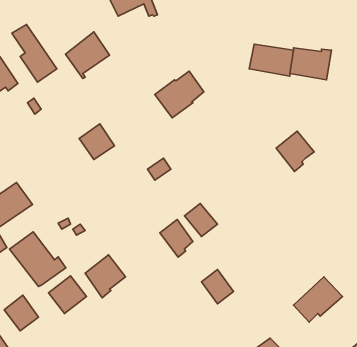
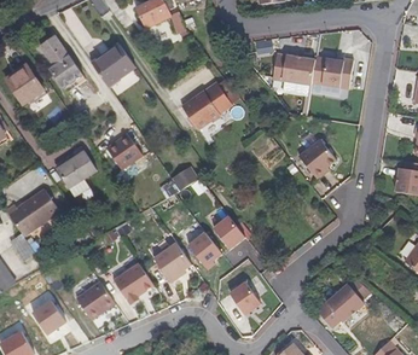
building: none -> [57,149,97,185]
building: [9,232,66,287] -> none
building: none -> [150,238,187,278]

